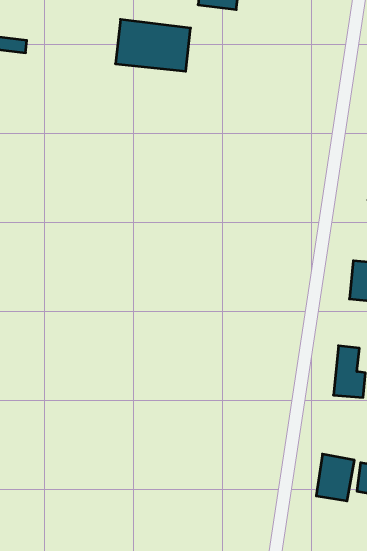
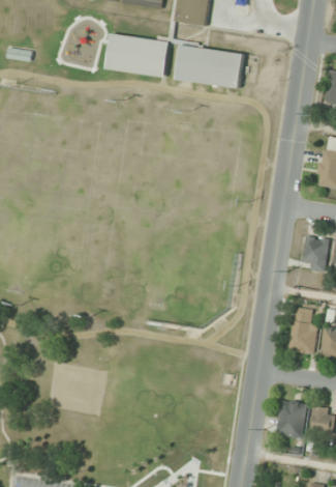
building: none -> [176,45,244,88]

